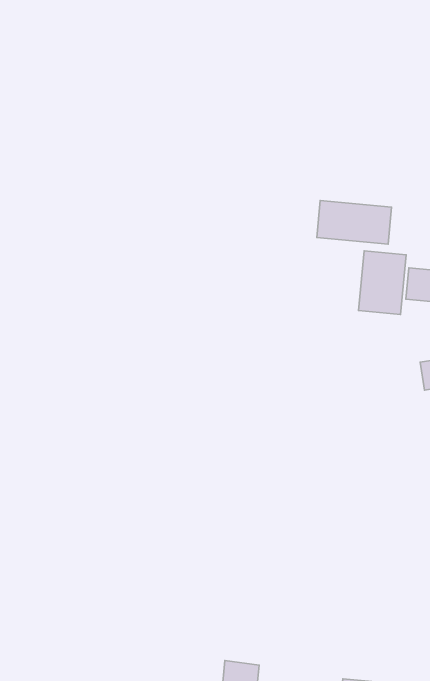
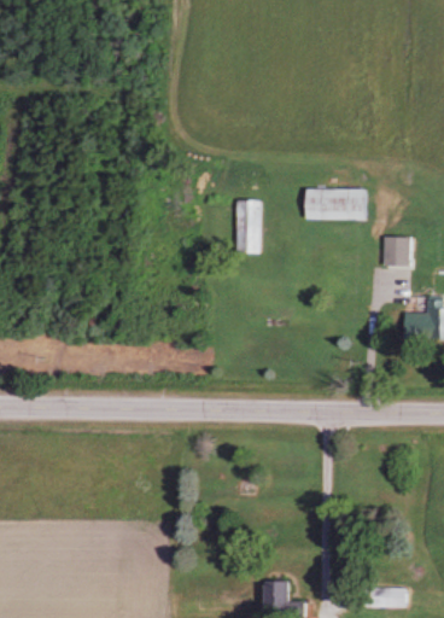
building: none -> [235,200,262,253]
building: [358,251,406,315] -> none

